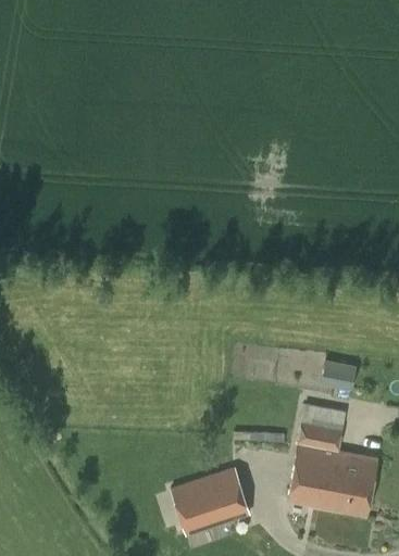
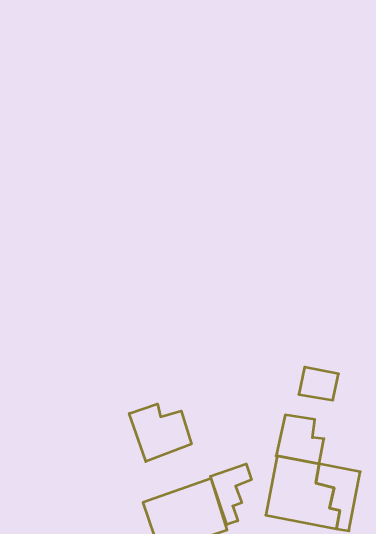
building: none -> [129,404,191,462]
building: none -> [210,464,251,525]

